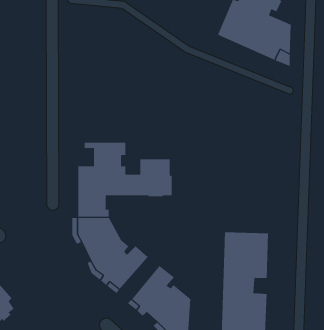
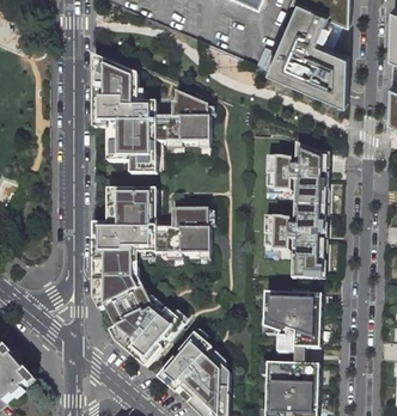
building: none -> [99,59,209,173]
building: none -> [263,142,325,279]

